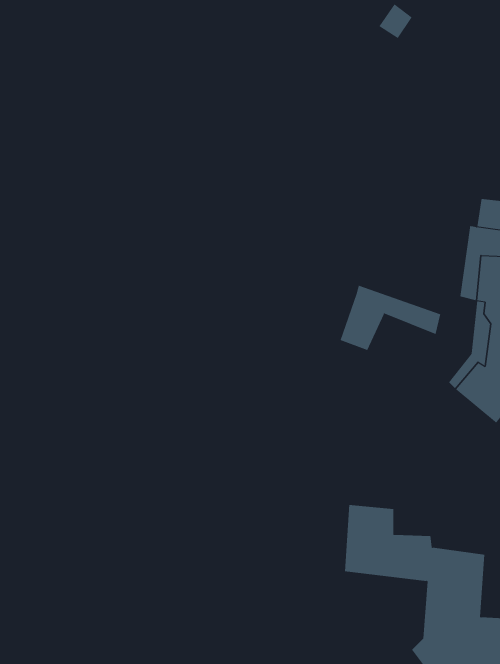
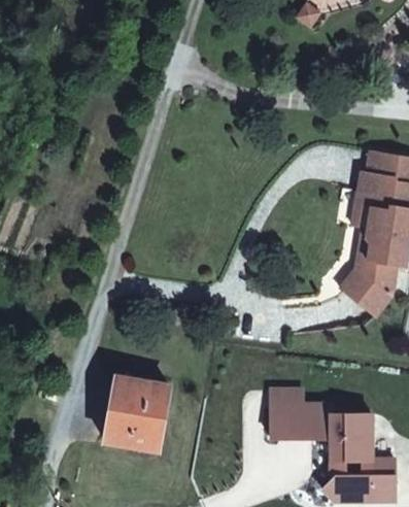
building: [340,285,441,351] -> none
building: none -> [104,375,168,451]

